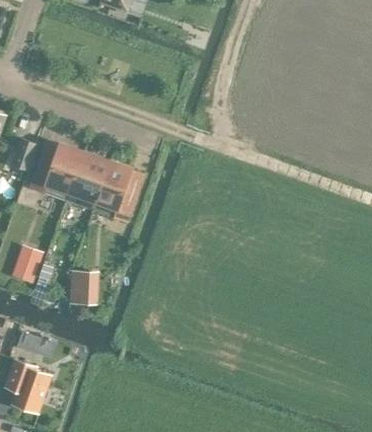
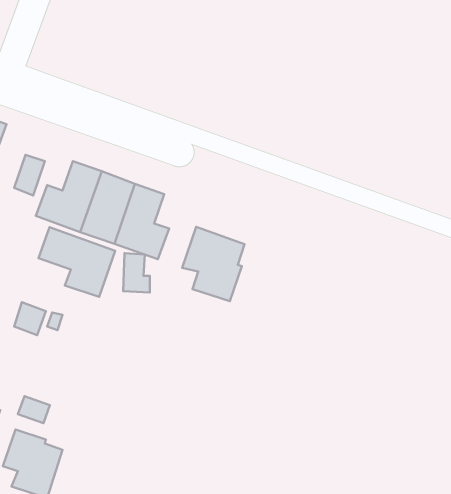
building: none -> [182,227,244,301]
building: none -> [38,227,115,297]
building: [71,272,92,303] -> [123,253,150,293]

